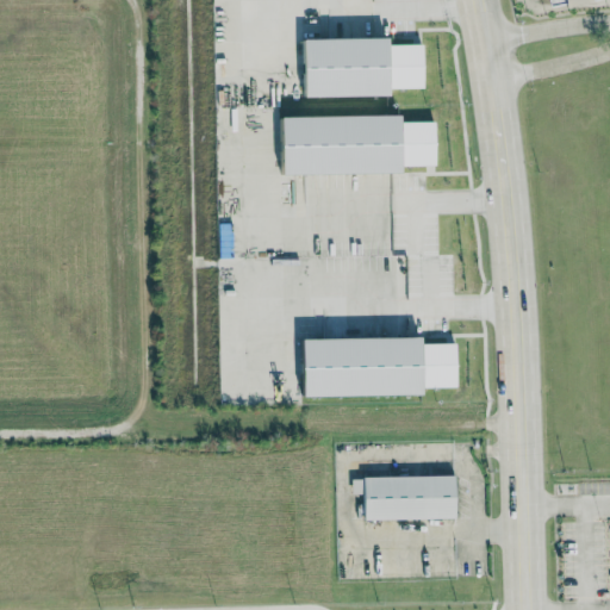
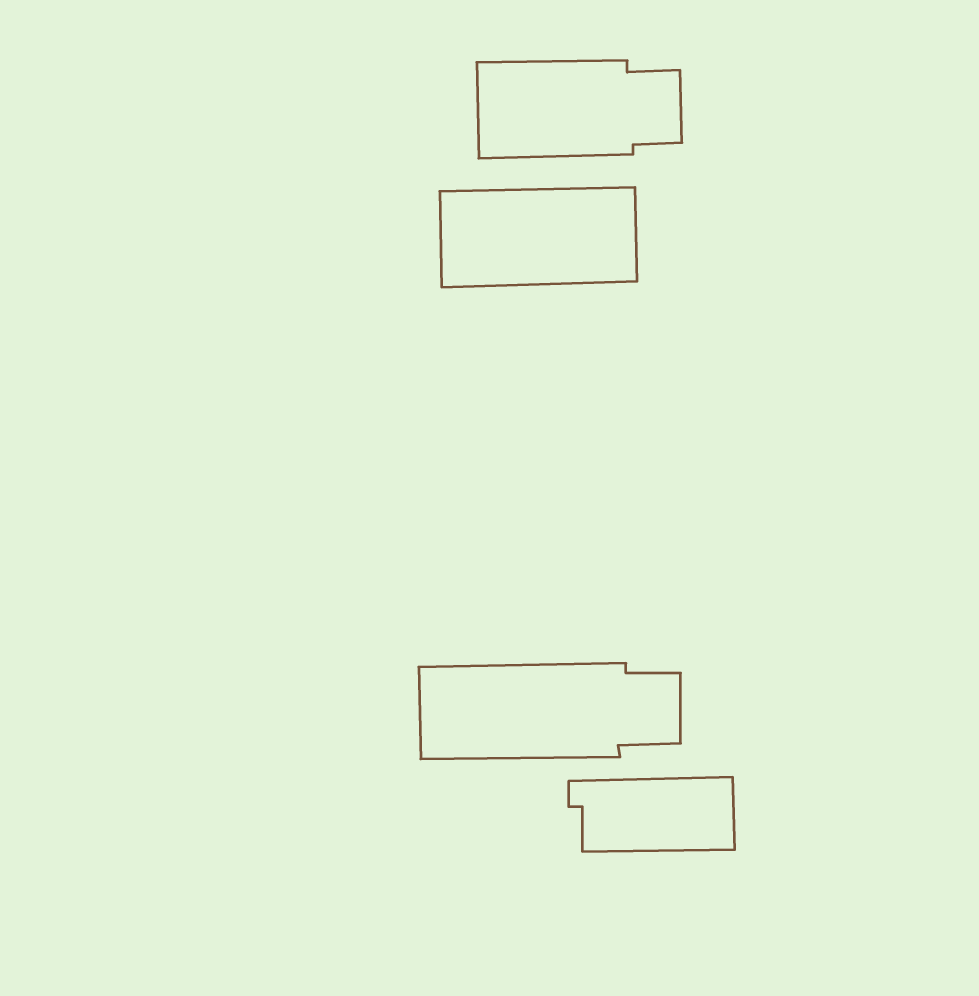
building: [400,120,440,164] -> none
building: [300,337,460,396] -> [419,663,681,759]

